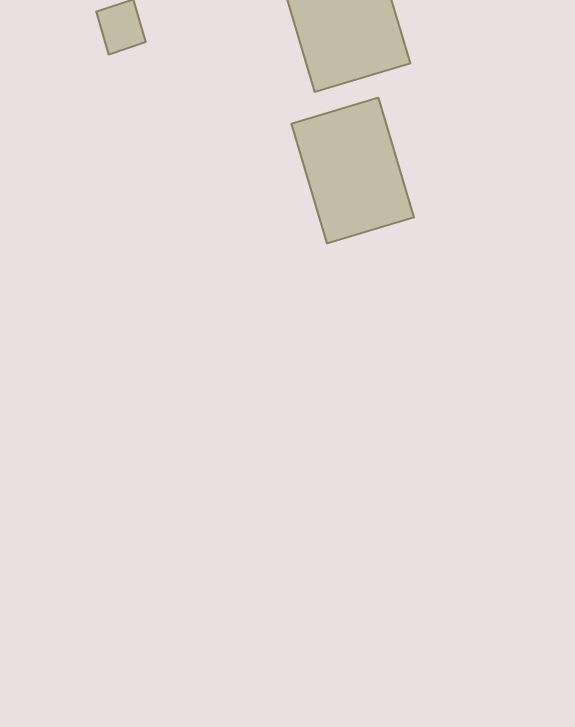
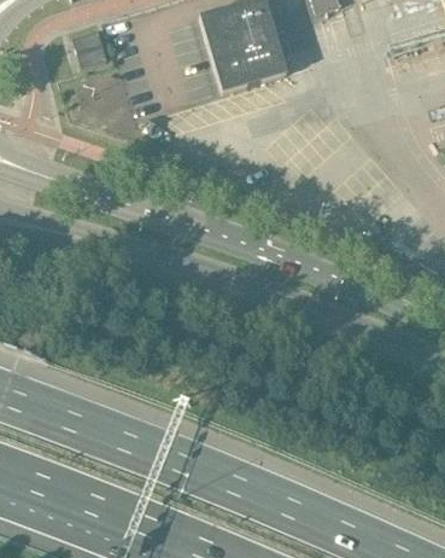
building: [291,98,414,243] -> none

